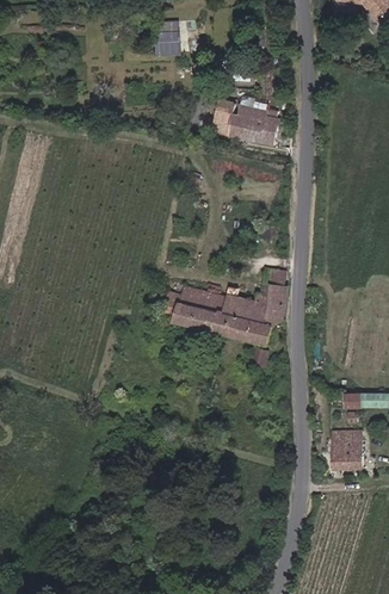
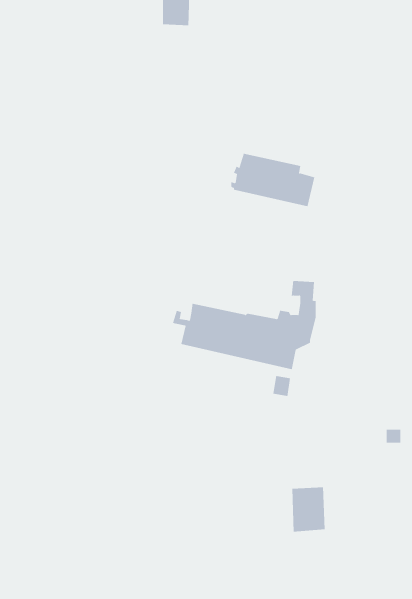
building: [208,98,279,143] -> [230,153,315,207]
building: [332,429,360,468] -> [291,487,325,532]

